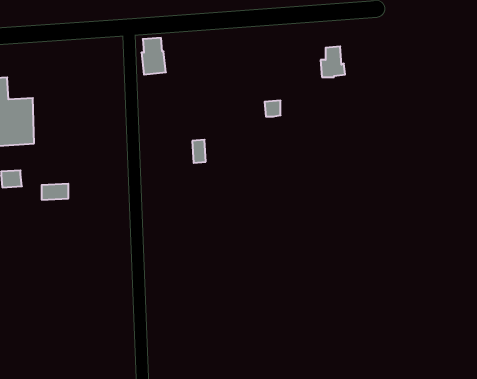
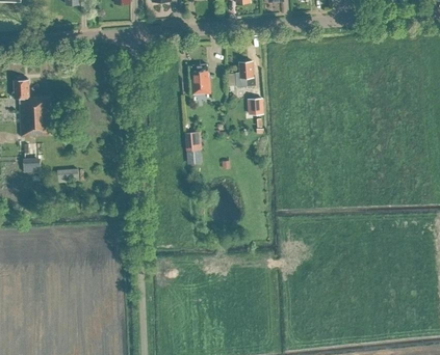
building: [141,38,166,75] -> [190,63,211,94]
building: [321,46,345,77] -> [235,60,256,86]

